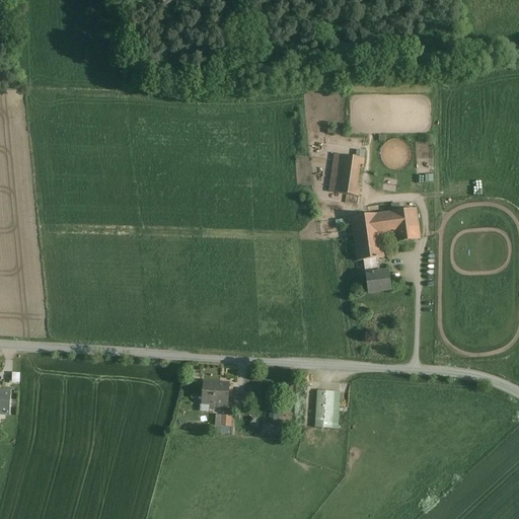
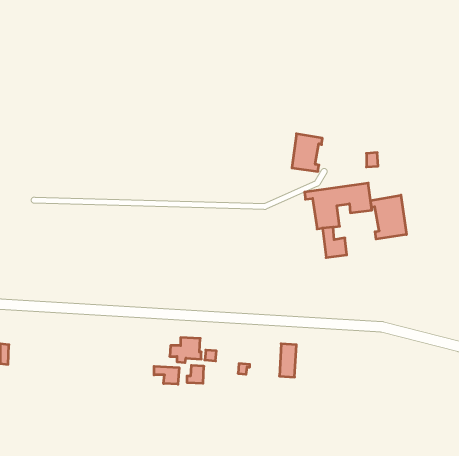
building: none -> [371,195,406,239]
building: none -> [154,366,179,384]

